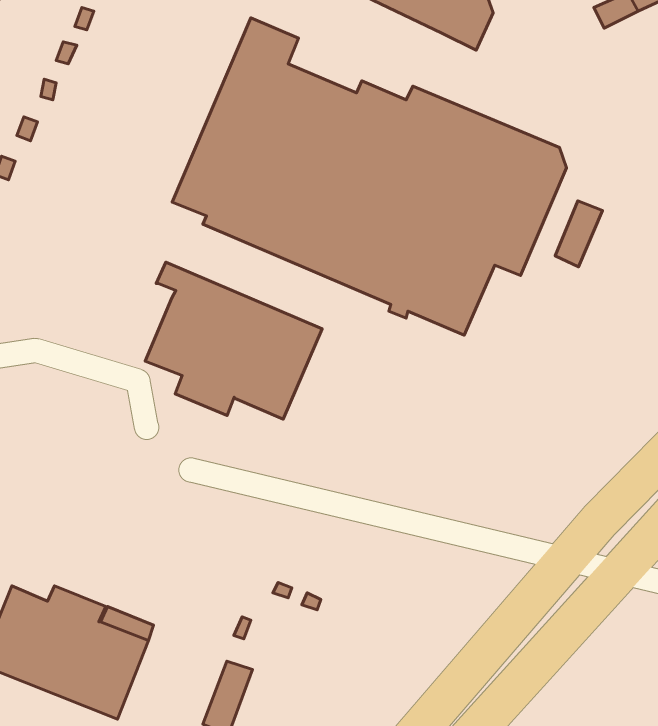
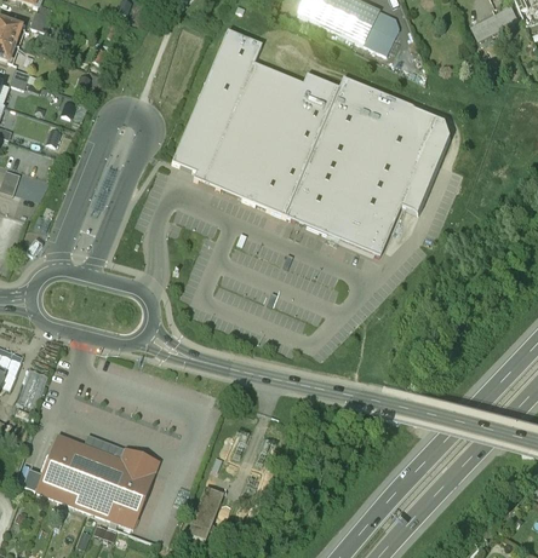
building: [555,201,603,267] -> none
building: [145,262,322,419] -> none

